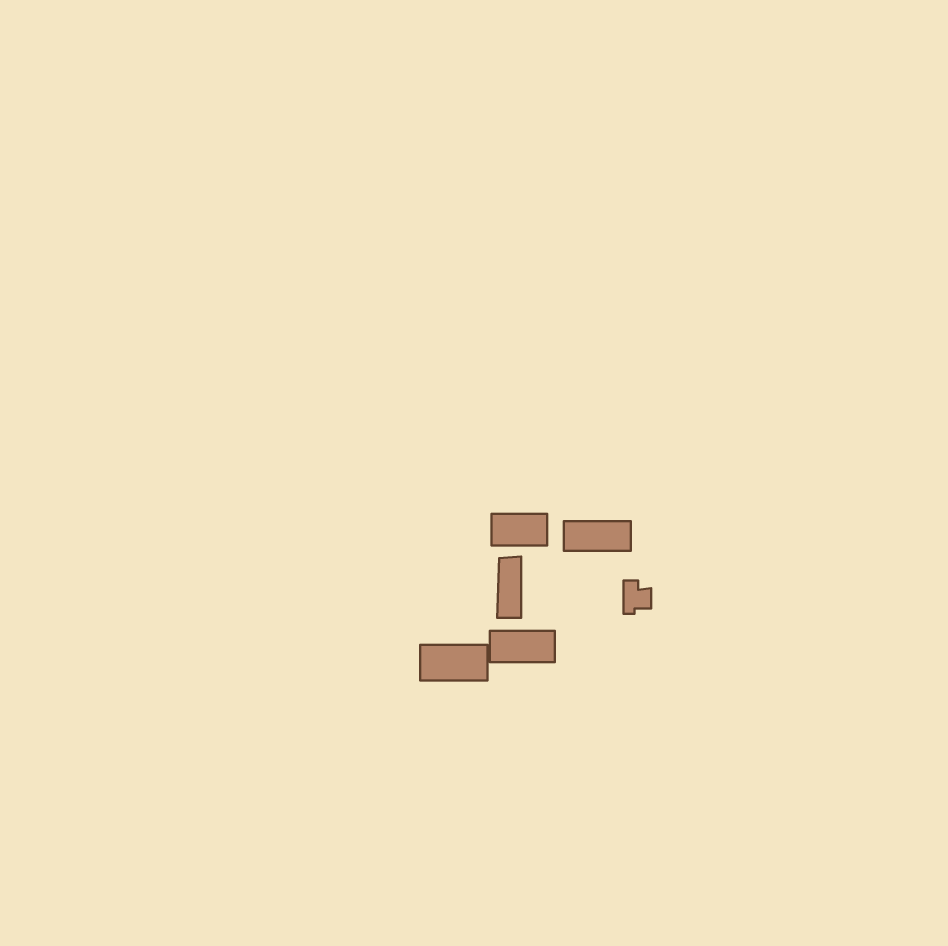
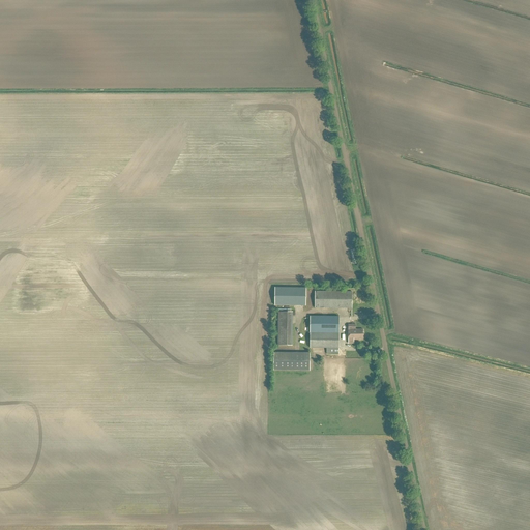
building: none -> [310,316,340,348]
building: [420,645,488,680] -> none

